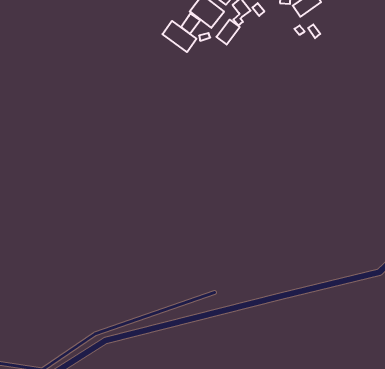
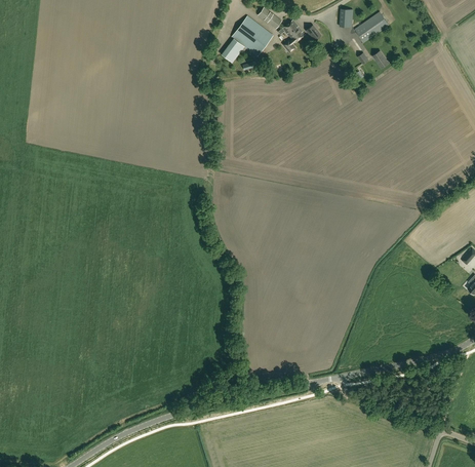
building: [216,20,240,45] -> none
building: [162,21,196,52] -> none

